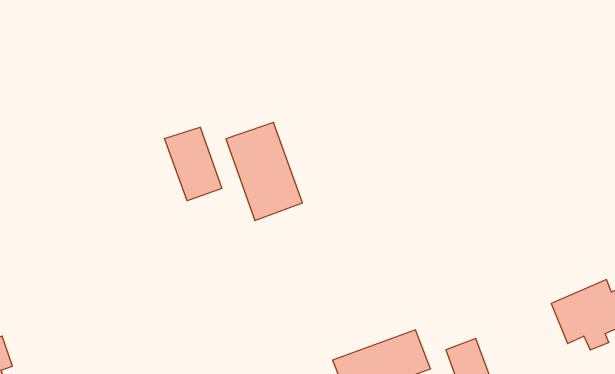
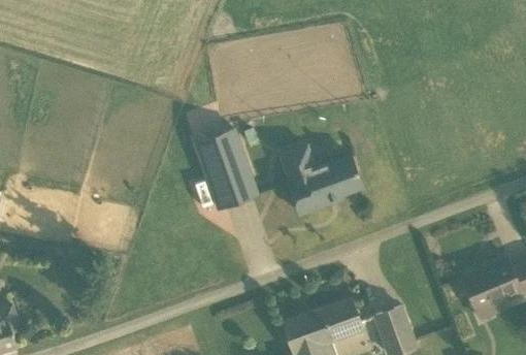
building: [165,127,222,201] -> none
building: none -> [278,144,362,214]

